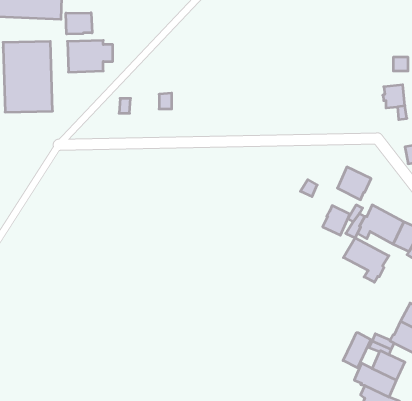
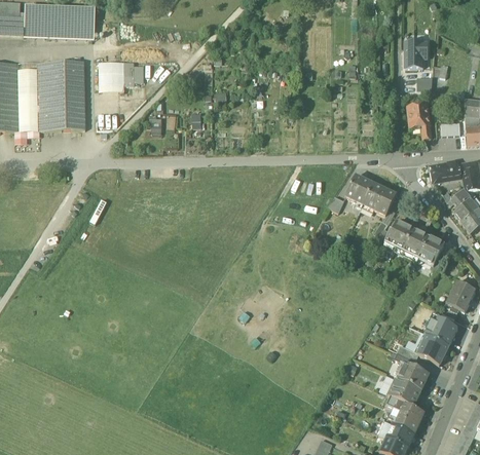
building: [66,13,92,34] -> none
building: none -> [405,40,427,67]
building: [323,206,350,235] -> [345,175,372,203]
building: [343,238,389,282] -> none
building: [343,333,371,368] -> none

